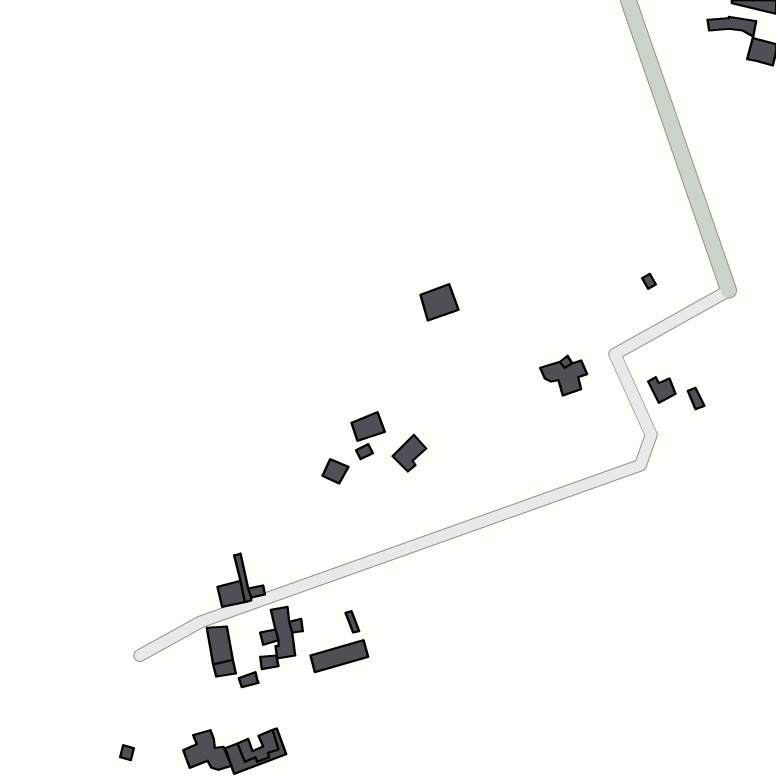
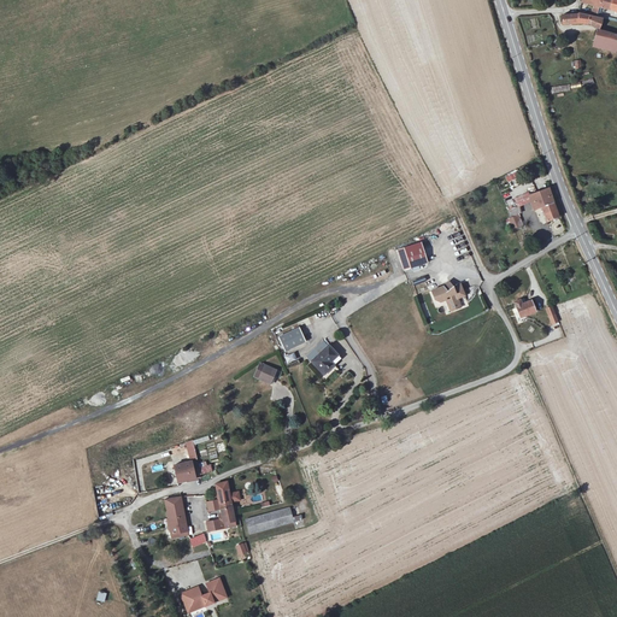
building: none -> [515,189,559,222]
building: [420,284,458,321] -> [396,242,427,271]
building: [183,730,231,770] -> none

